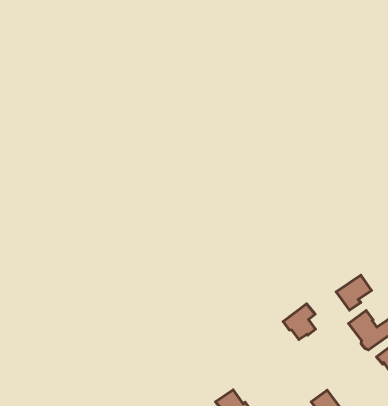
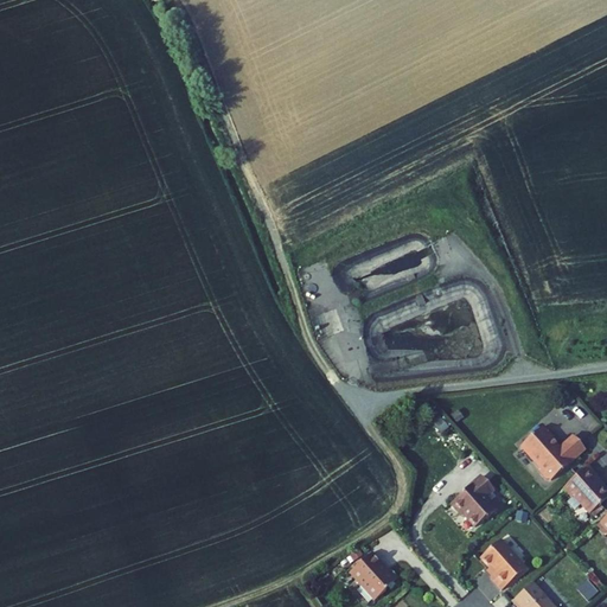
building: [336,275,371,310] -> none
building: [283,304,315,340] -> [451,475,496,525]

